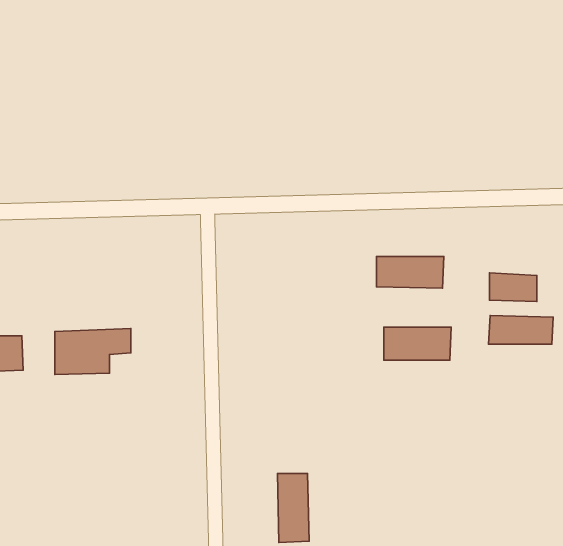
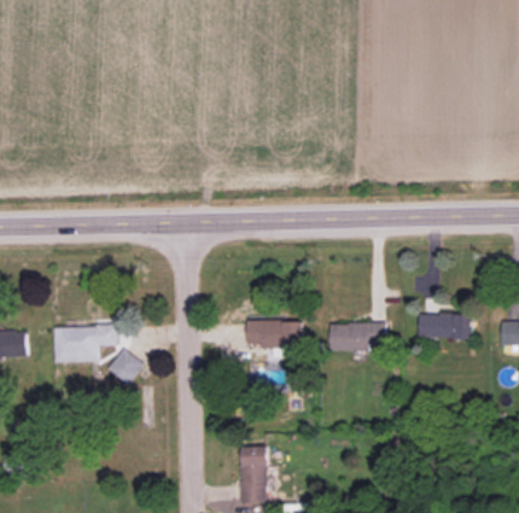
building: [376,257,444,288] -> [246,321,303,348]
building: [489,273,537,301] -> none
building: none -> [107,349,142,384]

